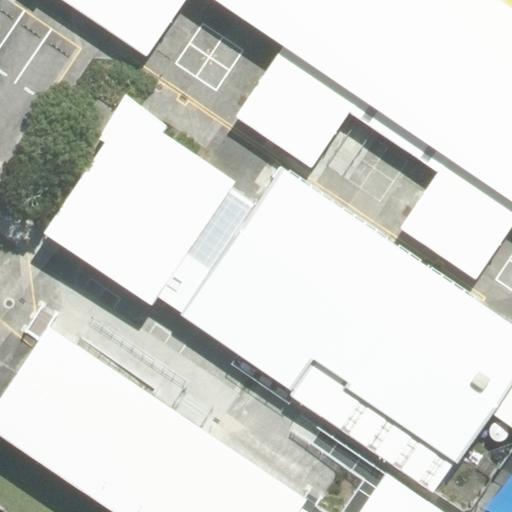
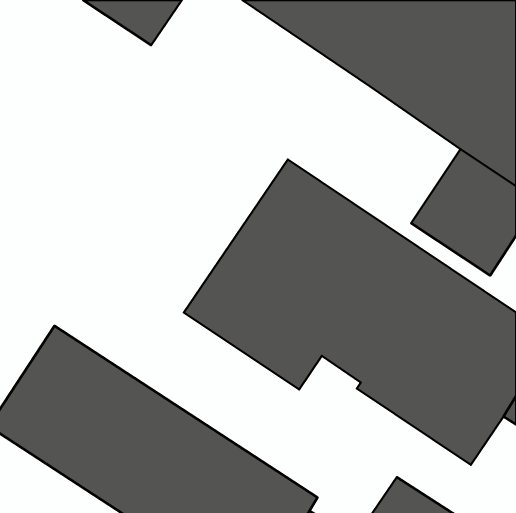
building: [234,44,360,169] -> none
building: [44,106,237,303] -> none

